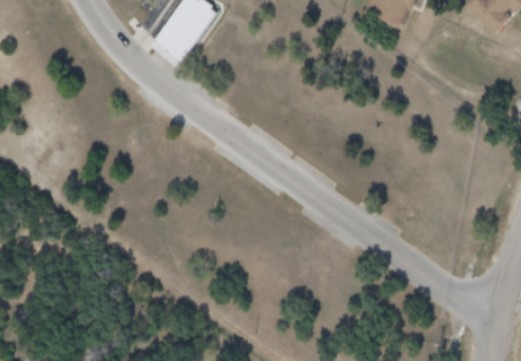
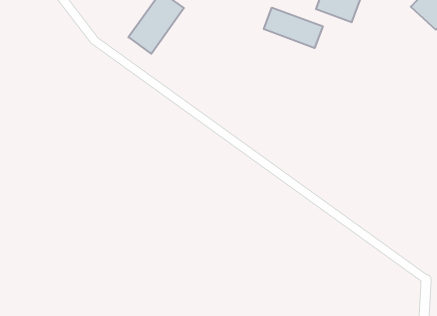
building: none -> [264,8,323,48]

